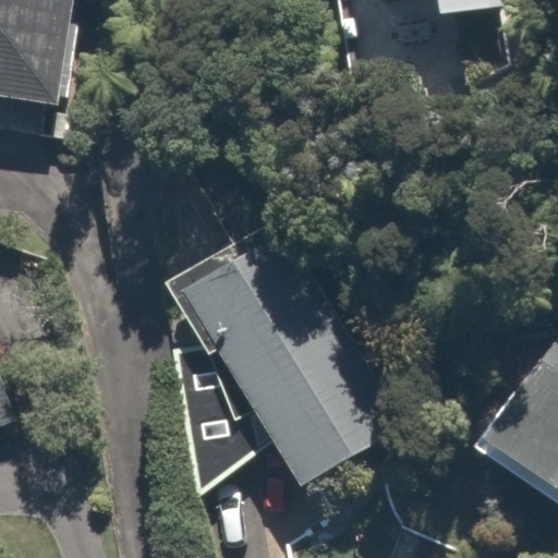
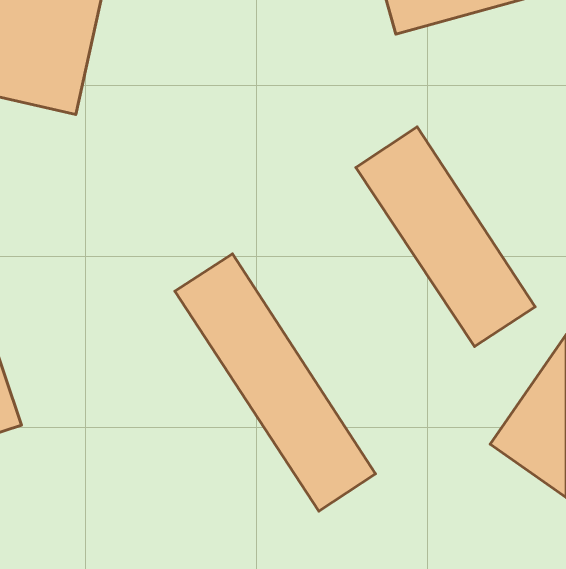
building: none -> [356,127,535,347]

